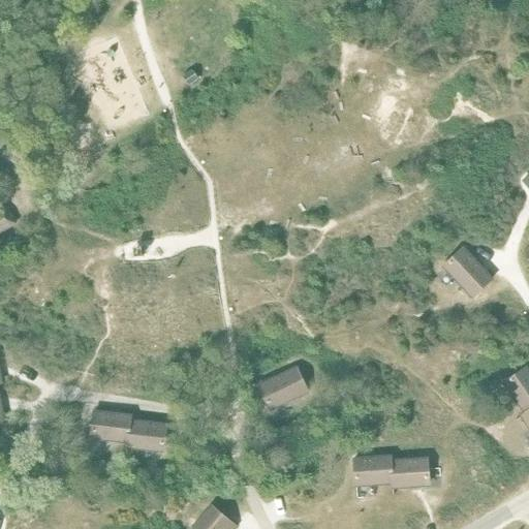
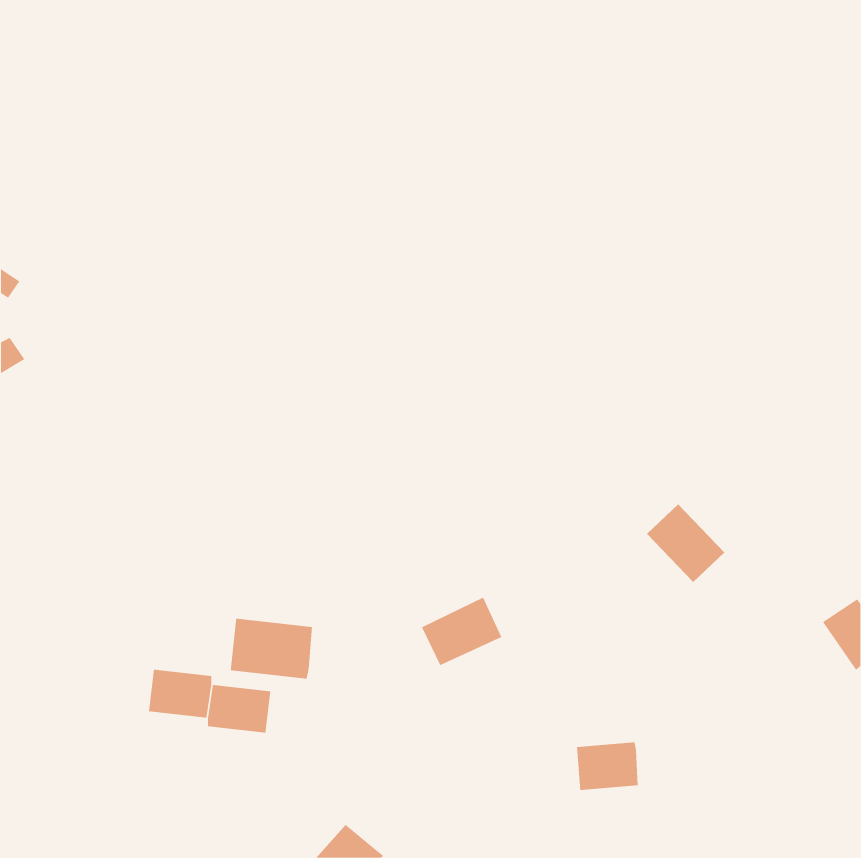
building: [443,247,492,295] -> [646,504,725,583]
building: none -> [230,618,312,680]
building: [391,457,429,487] -> none

